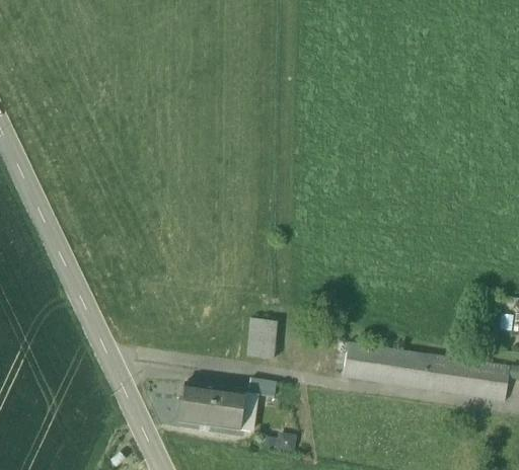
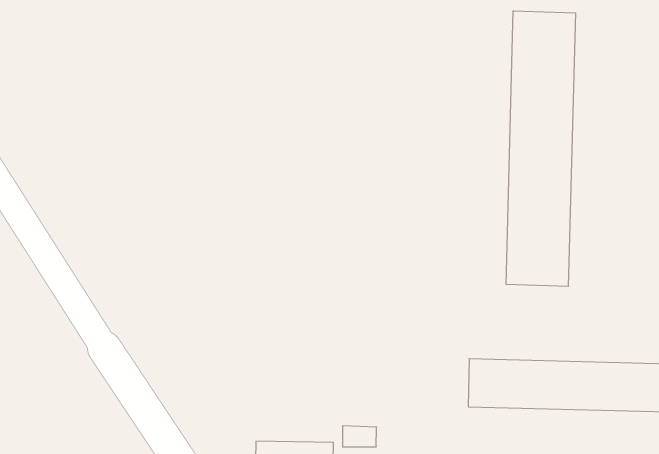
building: none -> [506,11,575,286]
building: [246,319,279,361] -> none

